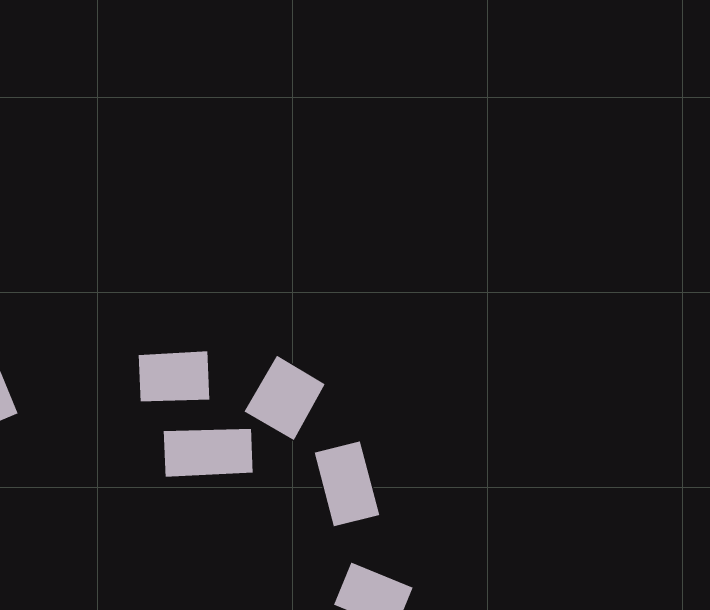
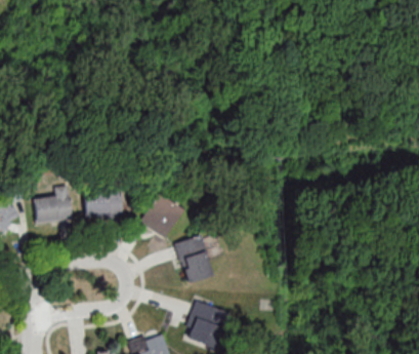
building: none -> [32,193,74,225]
building: [163,428,253,477] -> none

